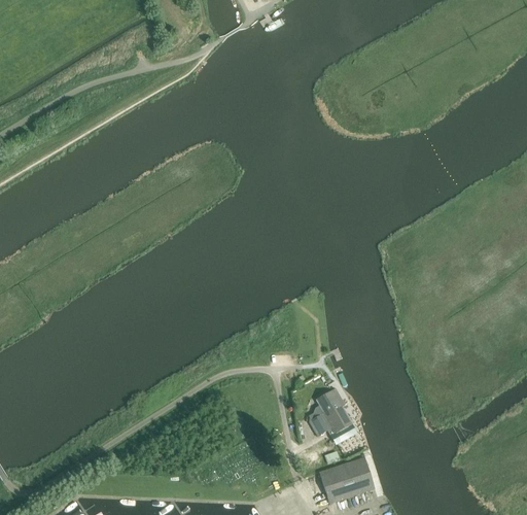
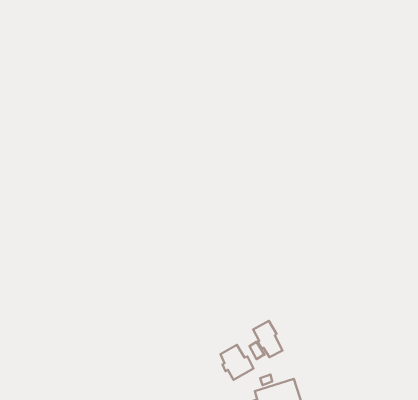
building: none -> [221,345,253,380]

